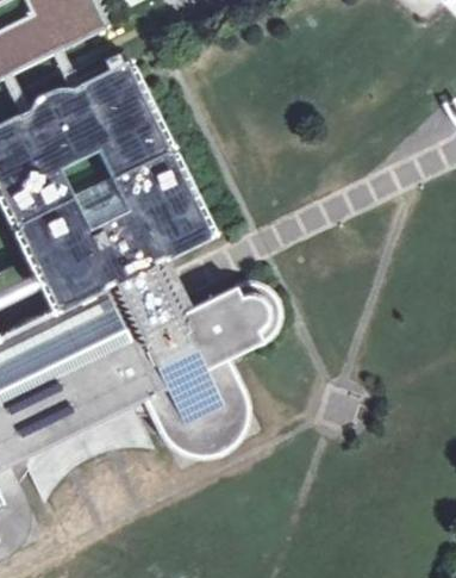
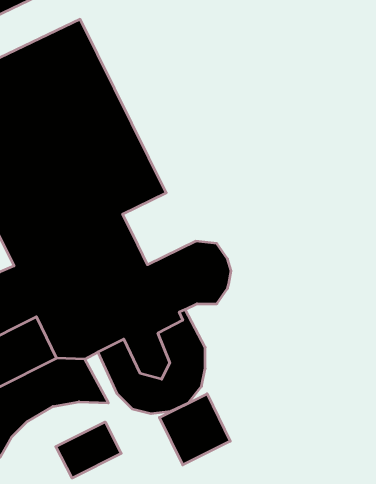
building: none -> [159,394,230,465]
building: none -> [56,422,121,478]

